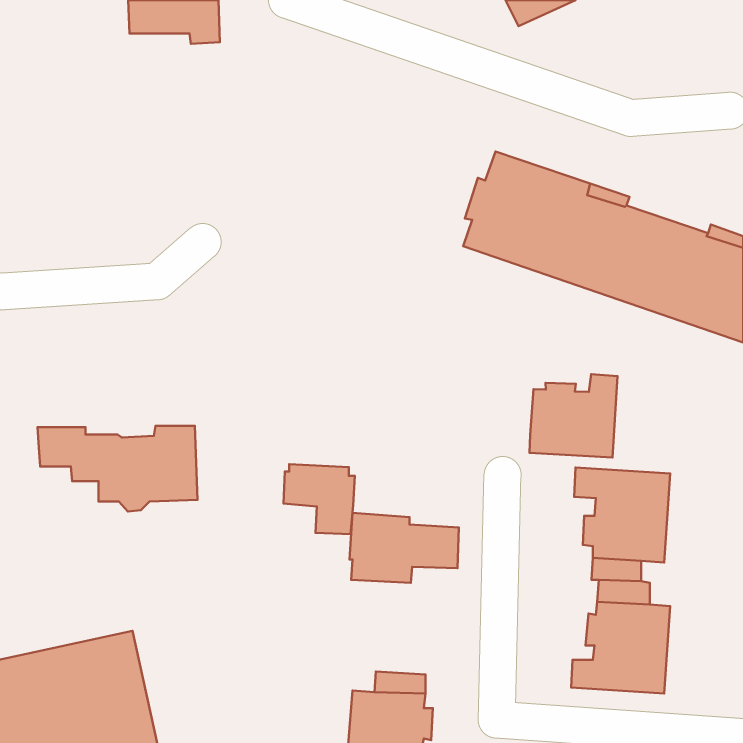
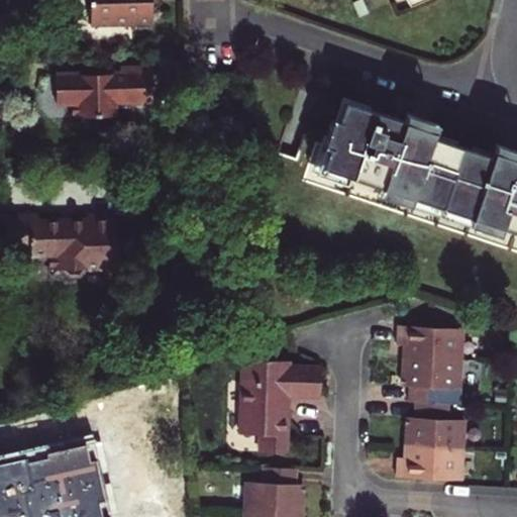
building: none -> [55,68,151,117]
building: [529,374,617,458] -> none
building: [37,426,198,512] -> [5,217,116,277]
building: [283,464,355,534] -> [239,403,289,451]

